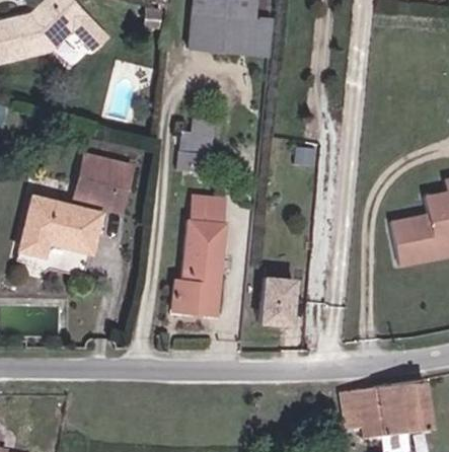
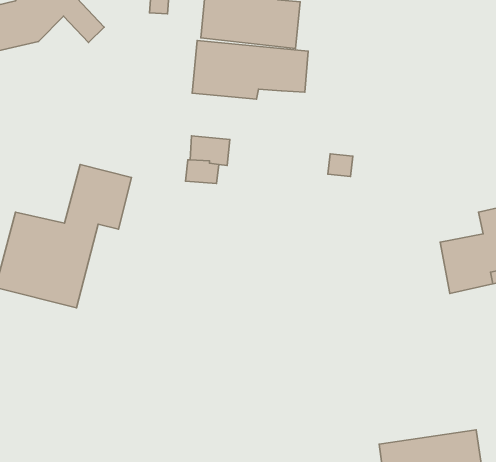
building: none -> [192,41,308,99]
building: [172,196,224,311] -> none
building: [260,277,296,324] -> none

